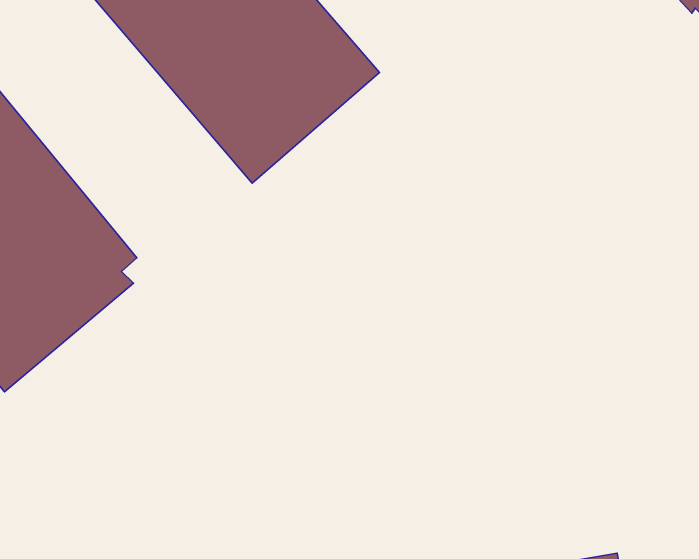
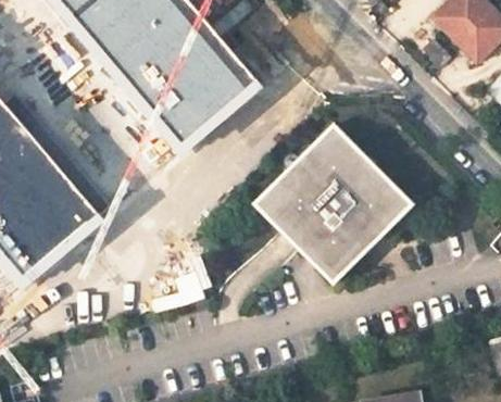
building: none -> [256,123,415,282]

